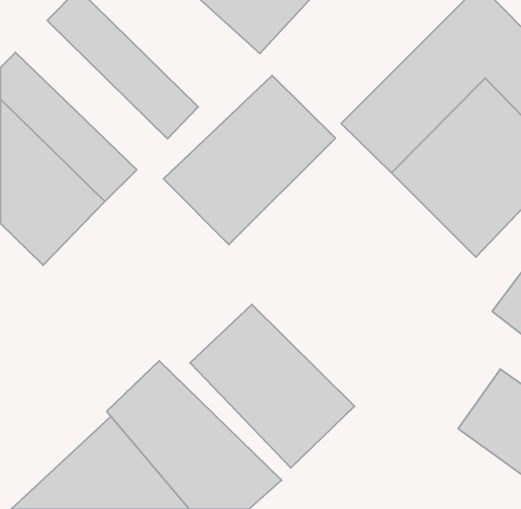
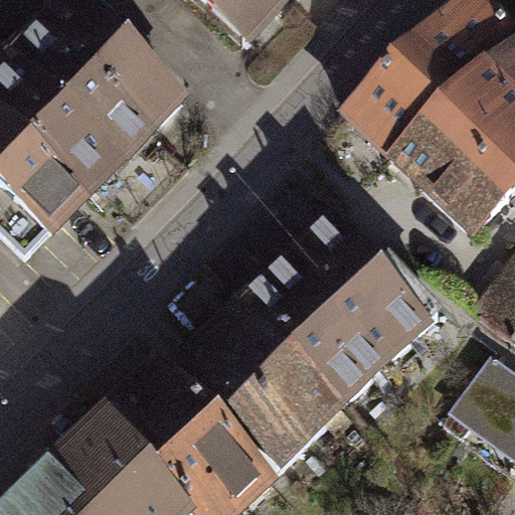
building: none -> [19,20,168,166]
building: [164,75,335,245] -> none
building: none -> [250,217,444,397]

